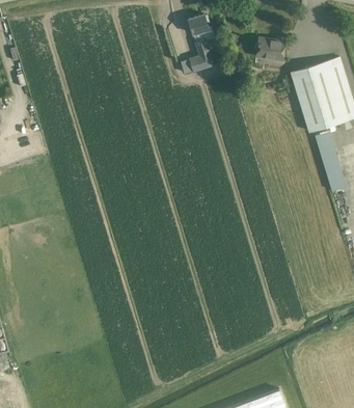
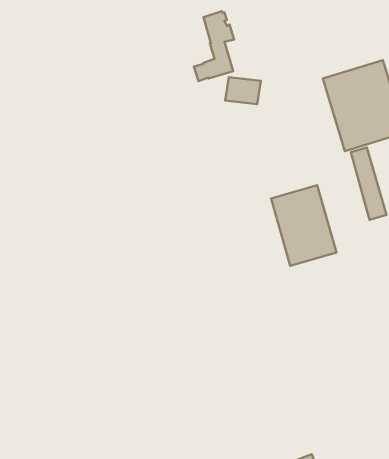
building: [254,38,284,61] -> [225,77,261,104]
building: none -> [271,185,336,266]

